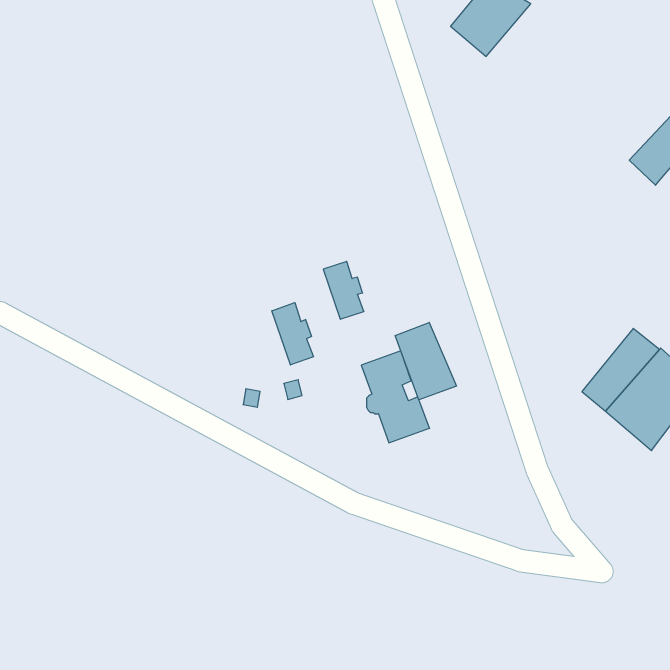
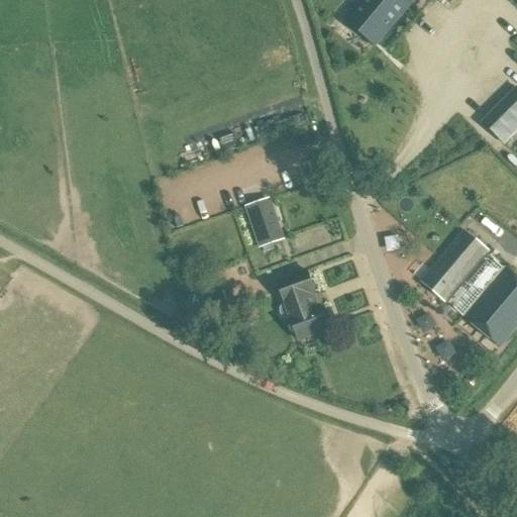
building: none -> [423,229,490,301]
building: [272,303,313,365] -> none
building: [395,322,457,400] -> none

